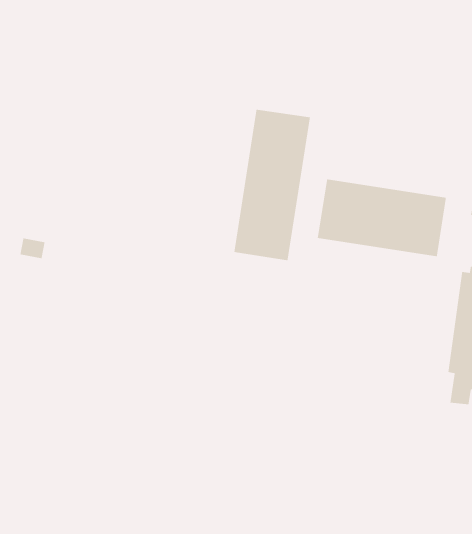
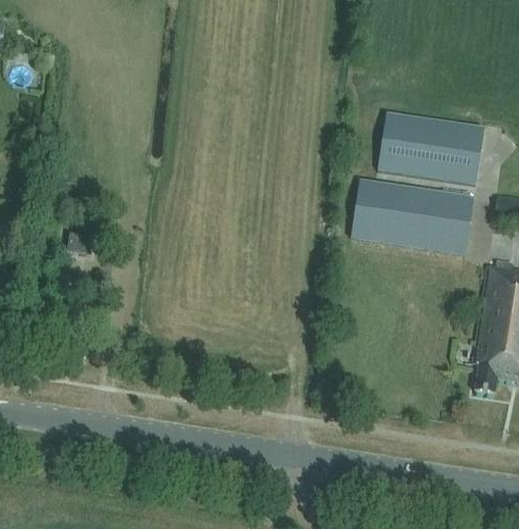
building: none -> [377,112,485,184]
building: [233,109,311,261] -> none

